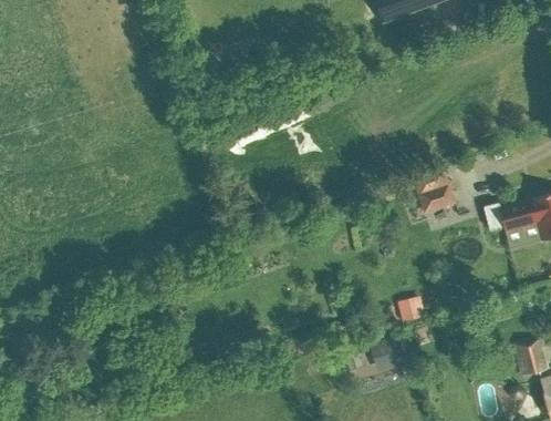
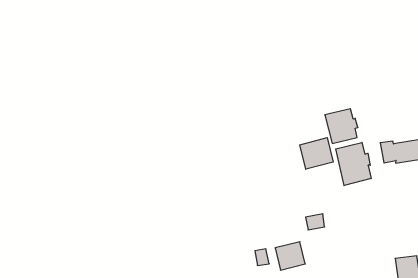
building: none -> [300,138,333,169]
building: none -> [336,142,371,186]

